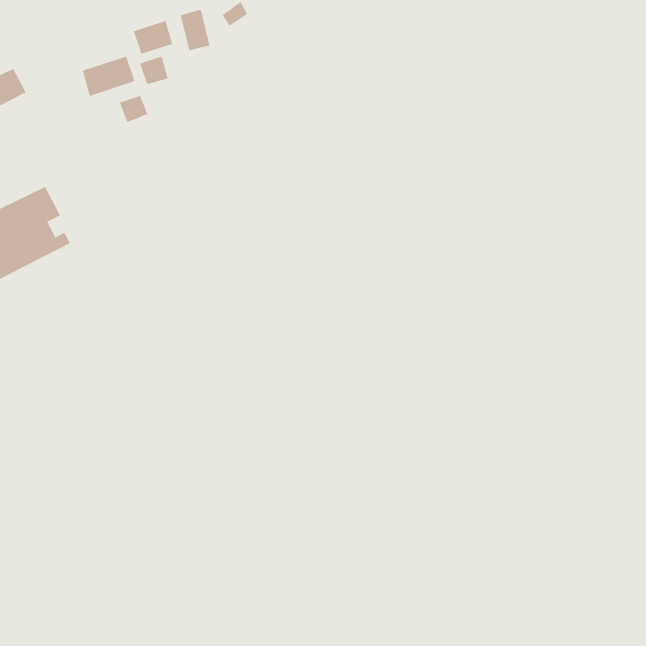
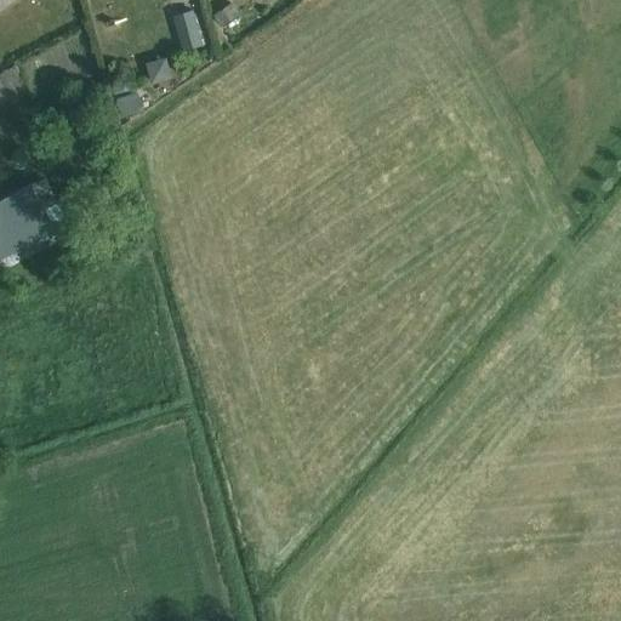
building: [133,20,173,55] -> none
building: [82,56,135,97] -> none

